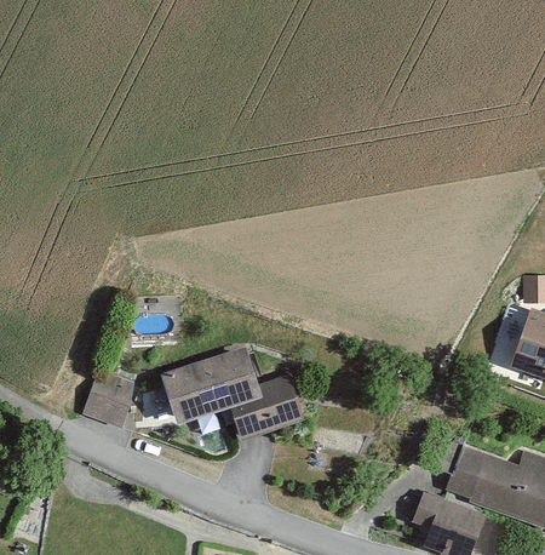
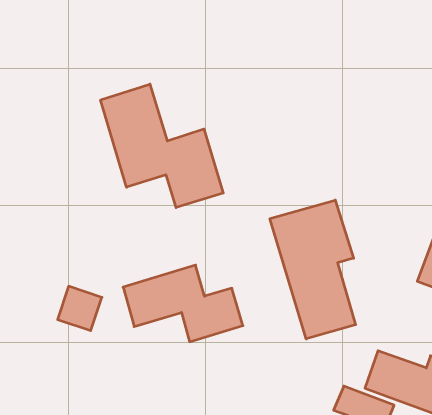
building: none -> [101,84,223,208]
building: none -> [270,200,356,339]

